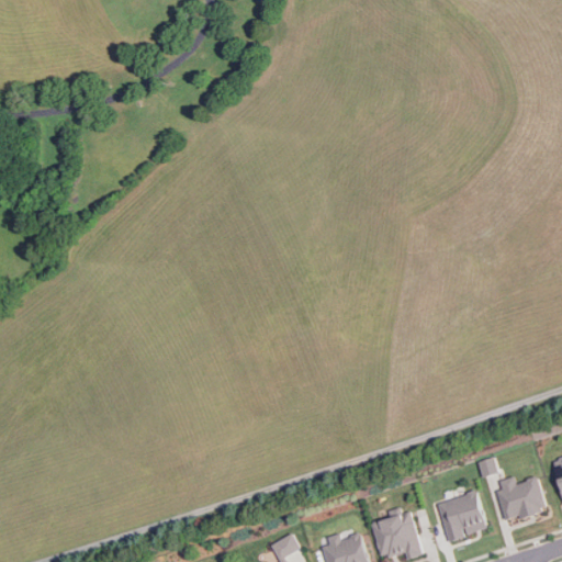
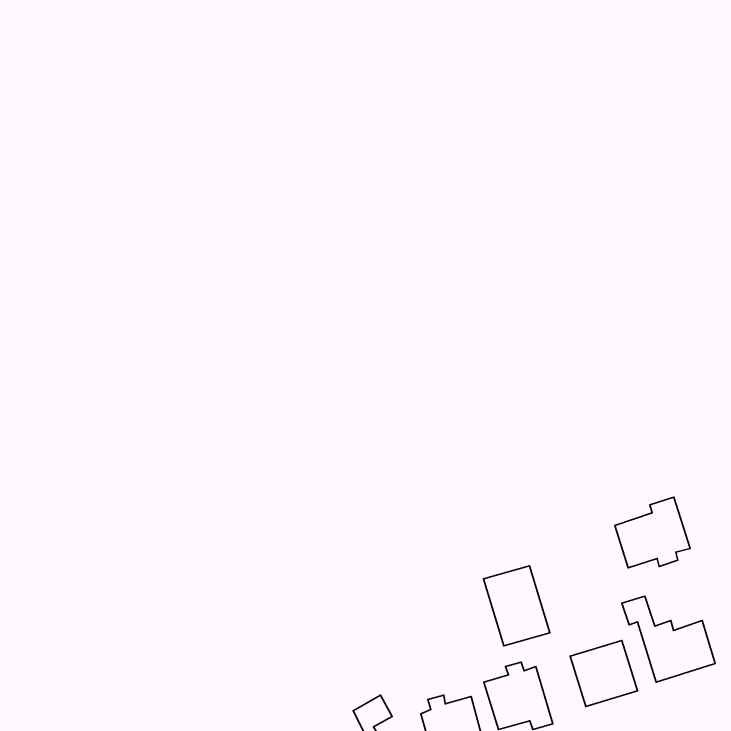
building: none -> [615,497,690,568]
building: none -> [484,566,550,646]

